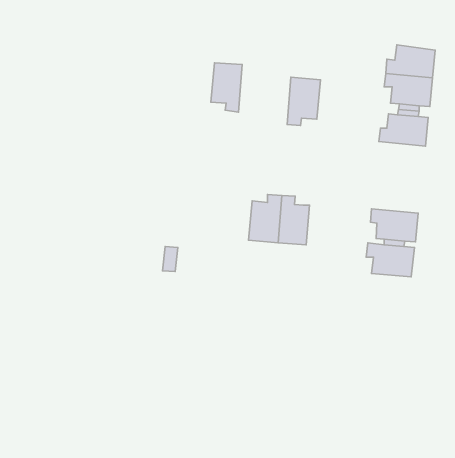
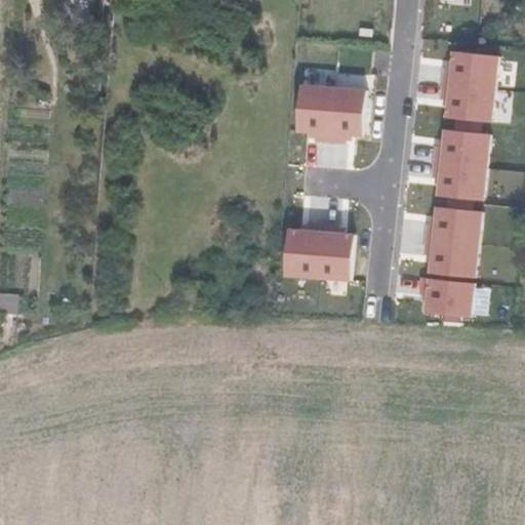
building: [211,63,242,112] -> [296,86,332,143]
building: none -> [431,162,486,200]
building: none -> [425,207,481,244]

